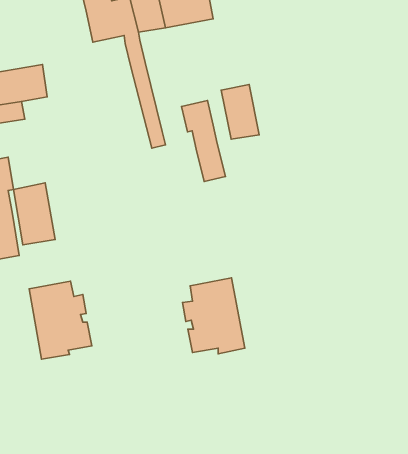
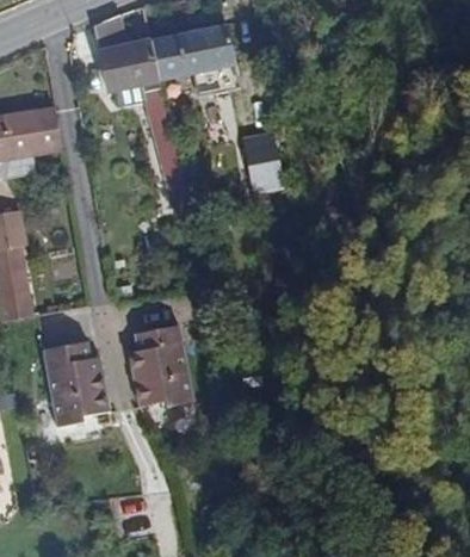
building: [181,101,226,181] -> none
building: [14,183,55,245] -> none
building: [182,278,245,354] -> [126,326,193,407]

